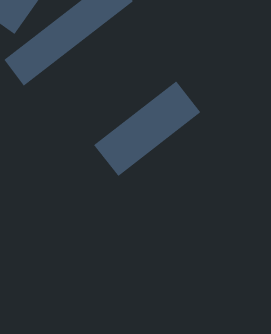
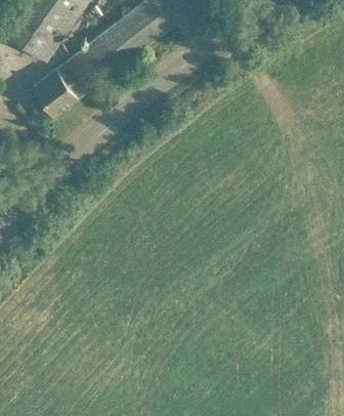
building: [93,81,201,177] -> none

